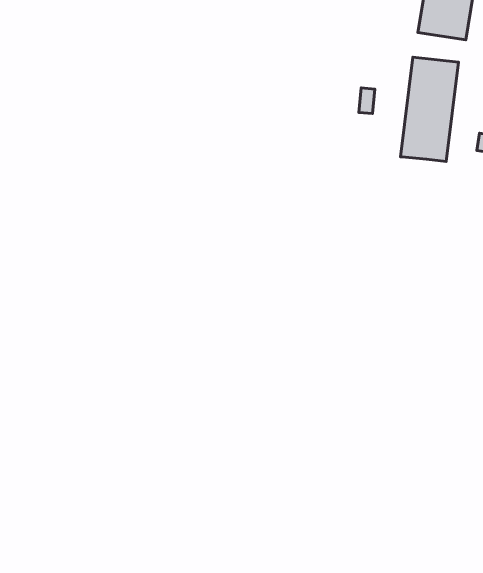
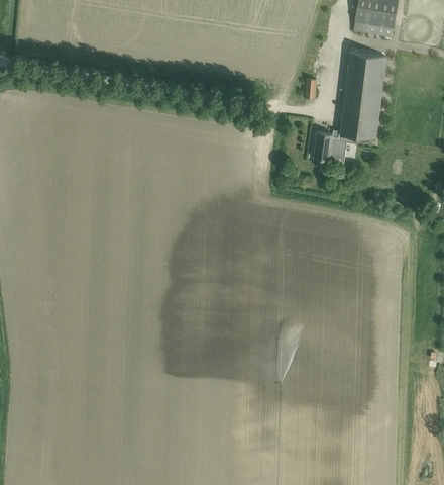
building: none -> [313,131,360,162]

